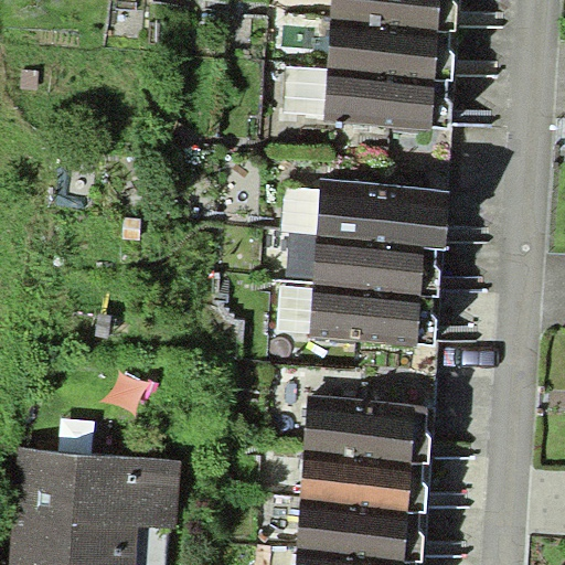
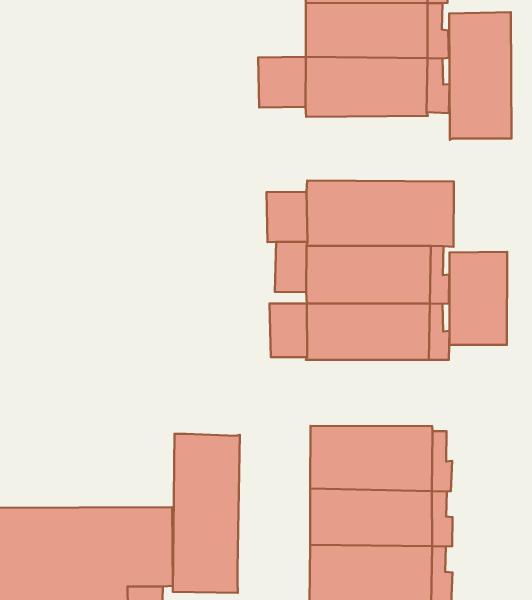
building: none -> [449,12,511,140]
building: none -> [449,252,507,346]
building: none -> [173,434,240,593]

